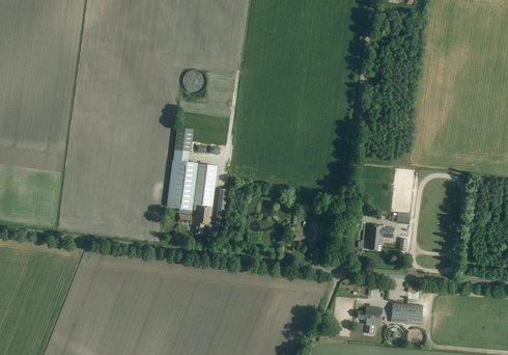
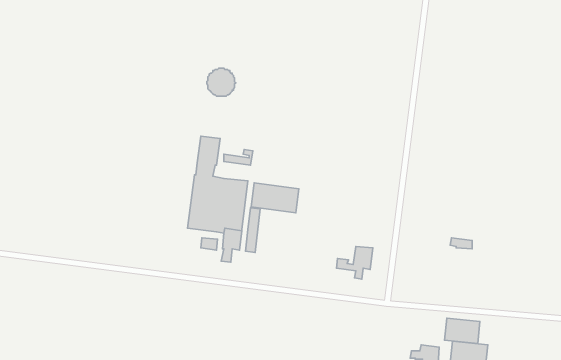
building: none -> [251,183,299,213]
building: [367,223,394,250] -> none
building: none -> [445,318,480,344]

